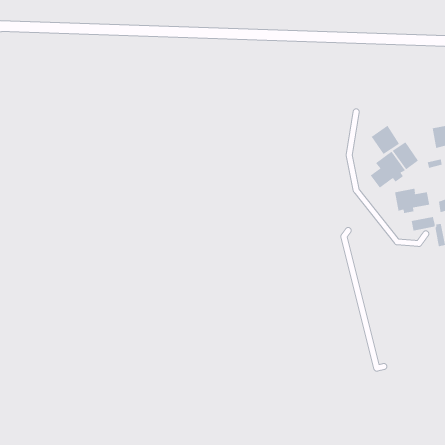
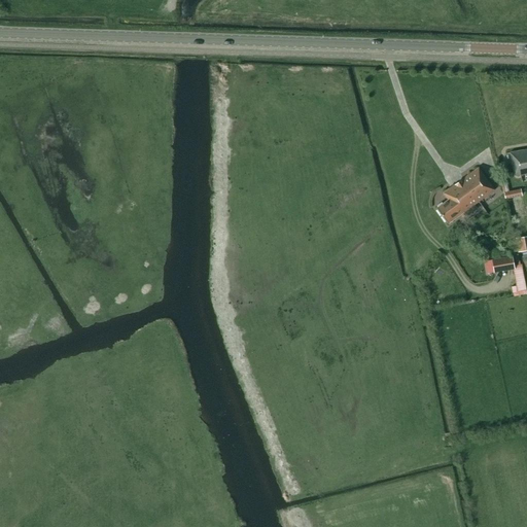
building: [371,125,400,155] -> none
building: [394,188,430,214] -> none

